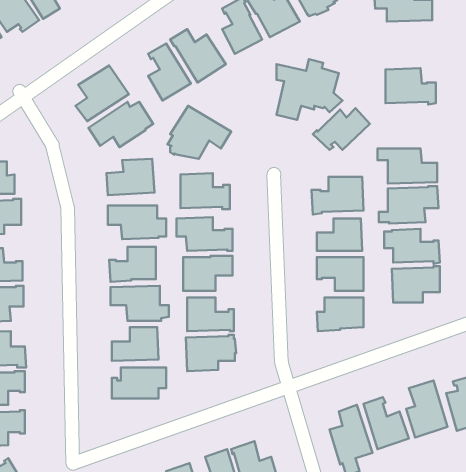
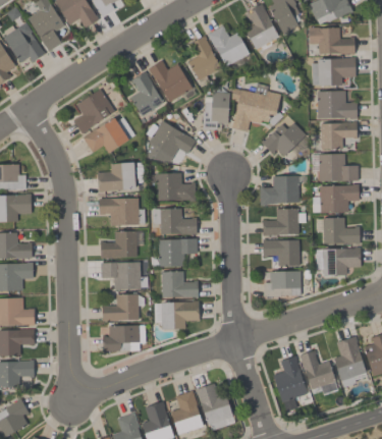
building: none -> [311,58,354,86]
building: none -> [202,92,229,129]
building: none -> [320,121,357,150]

